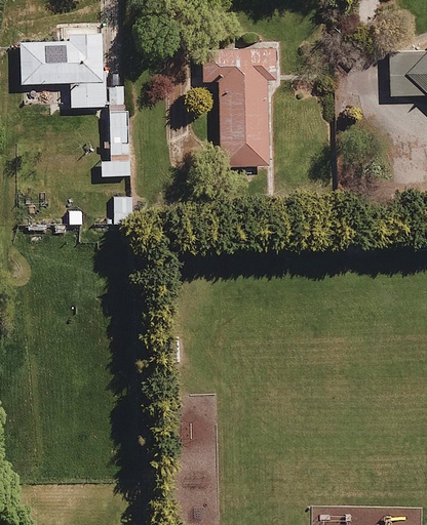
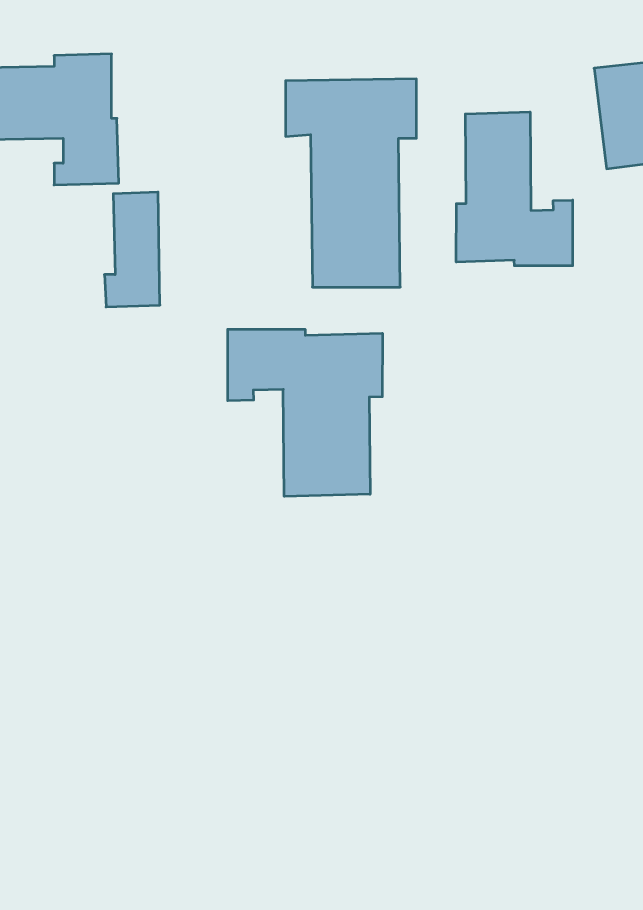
building: none -> [456,112,573,266]
building: none -> [228,329,382,496]

